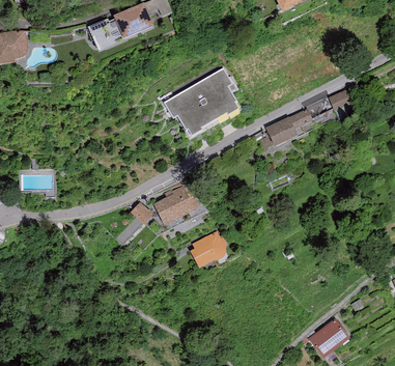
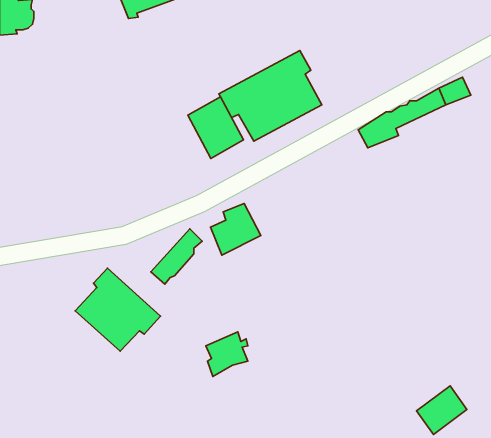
building: none -> [188,97,244,158]
building: none -> [75,268,161,351]
building: [197,232,228,265] -> [206,332,248,376]

